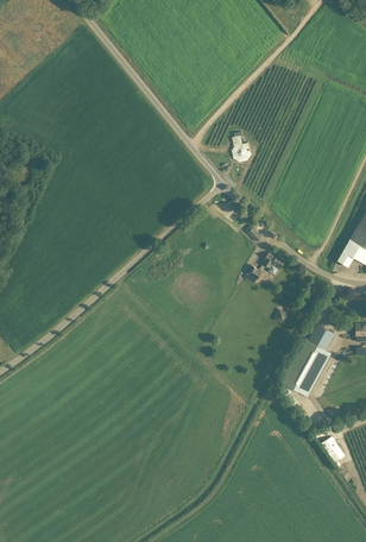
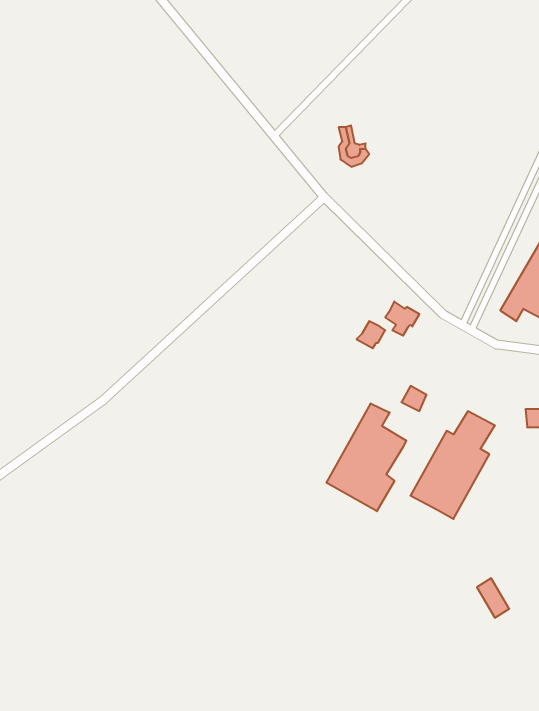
building: none -> [327,403,406,511]

